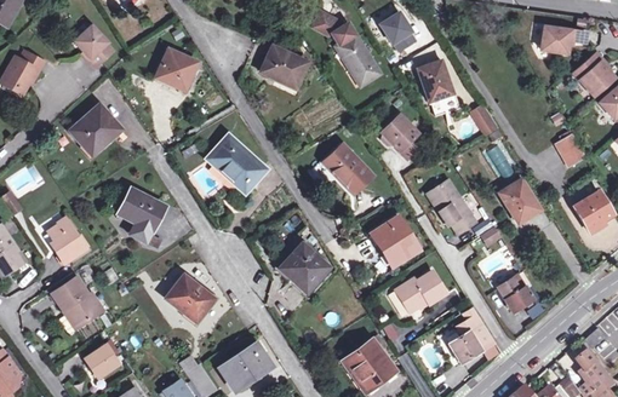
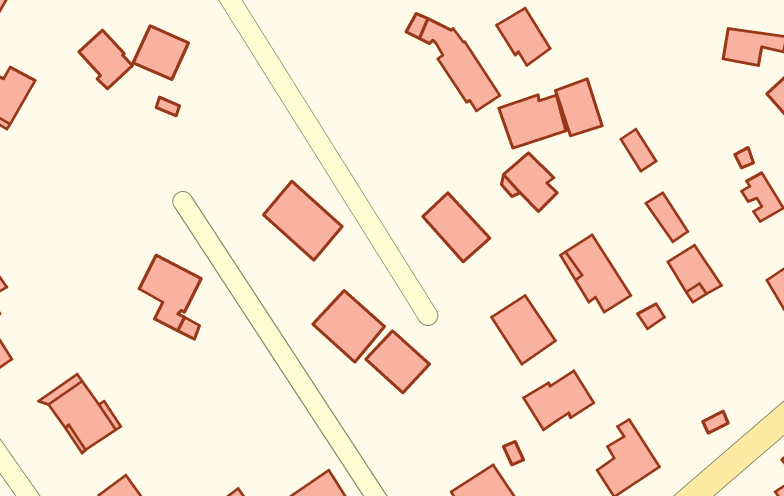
building: [259,45,307,87] -> none
building: [156,47,196,86] -> [133,26,189,80]
building: none -> [499,95,566,148]
building: [70,104,119,153] -> none
building: none -> [313,290,384,362]
building: [47,220,87,265] -> none
building: [497,274,531,310] -> none
building: [166,275,214,322] -> none

